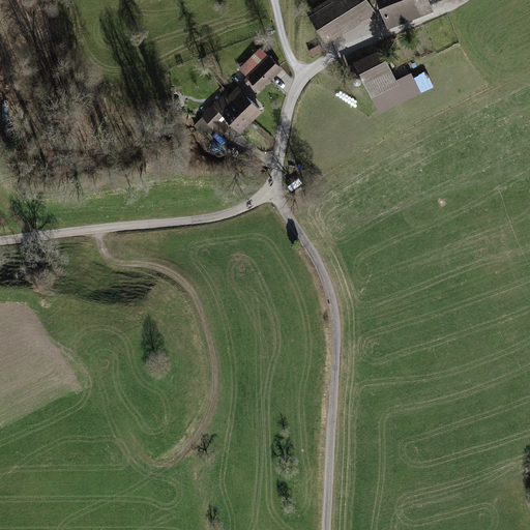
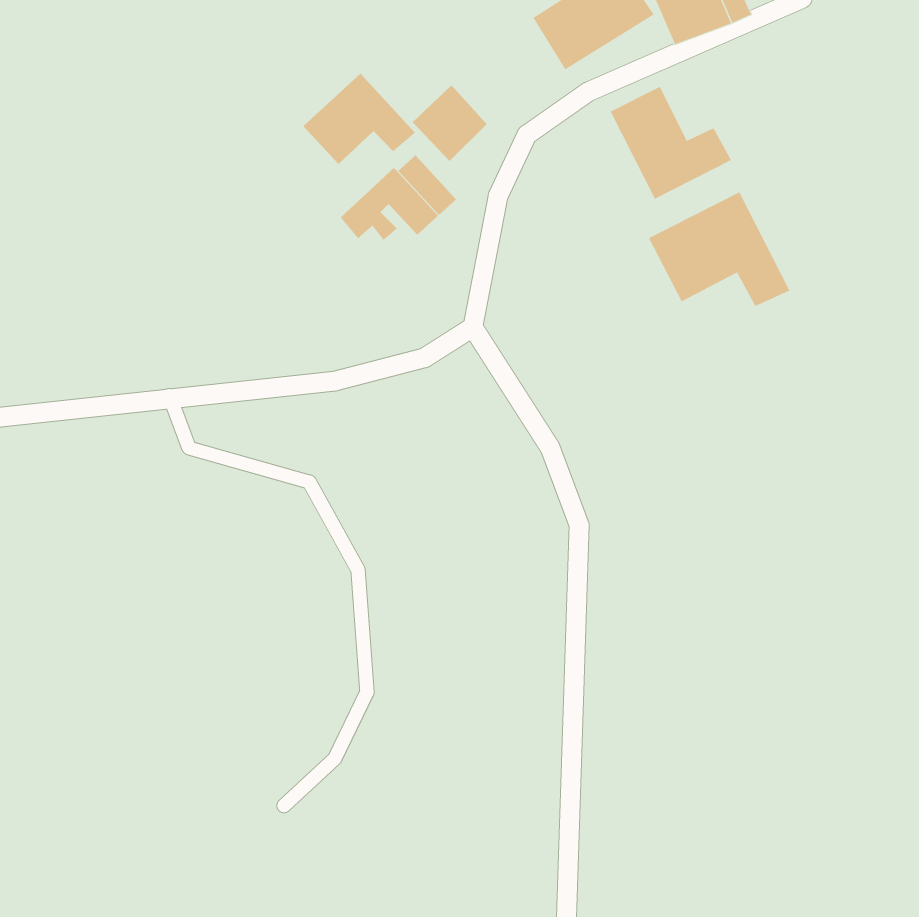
building: none -> [302,73,416,165]
building: none -> [648,191,790,307]

